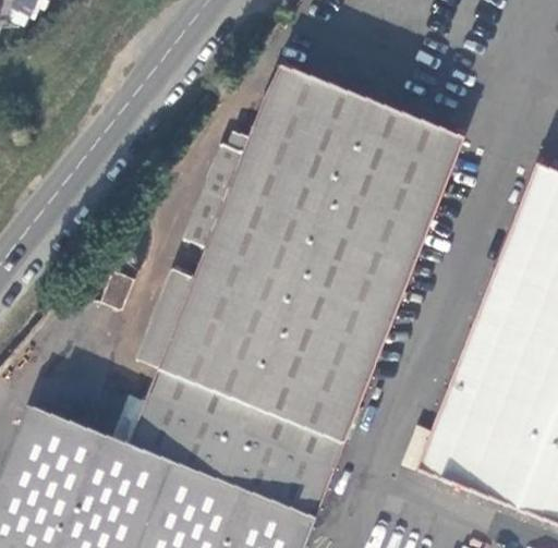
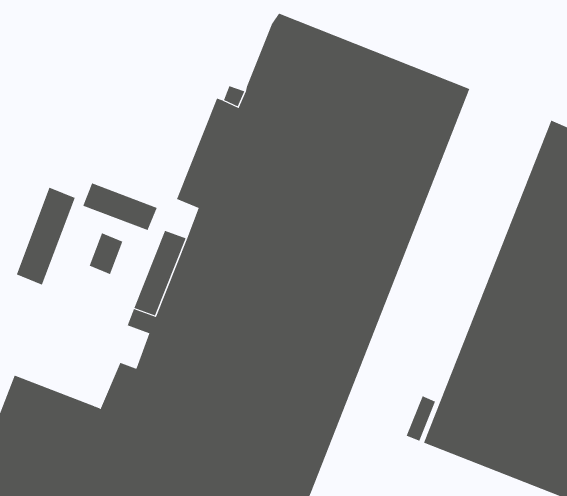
building: none -> [82,182,157,231]
building: none -> [16,187,75,285]

